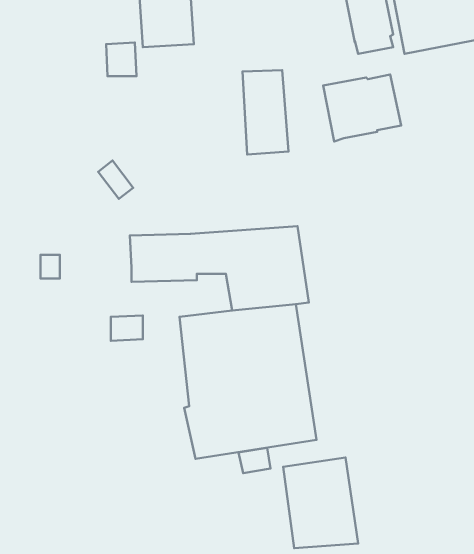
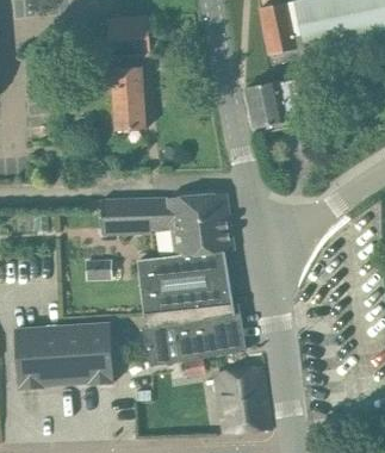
building: [242,70,289,155] -> [112,67,147,130]
building: none -> [15,323,114,389]

